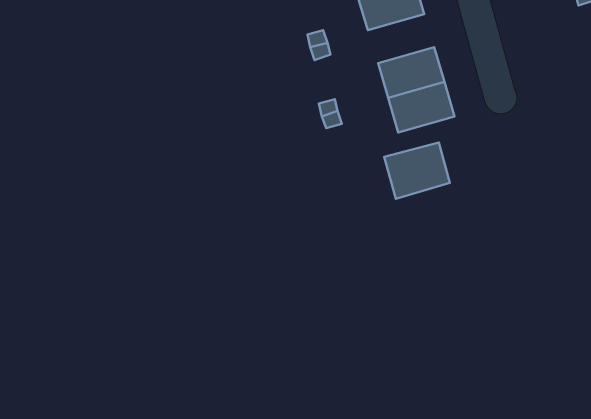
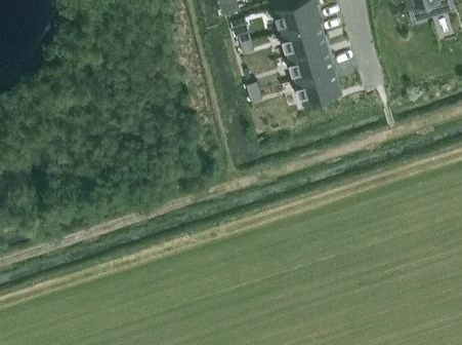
building: none -> [281,22,328,56]
building: [384,143,450,199] -> none

